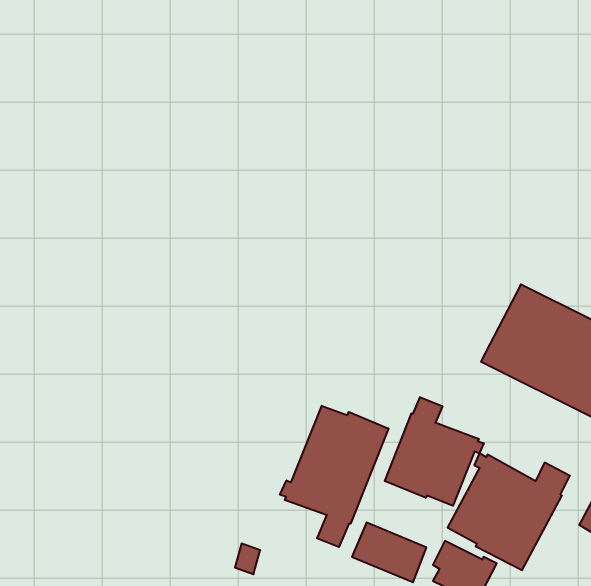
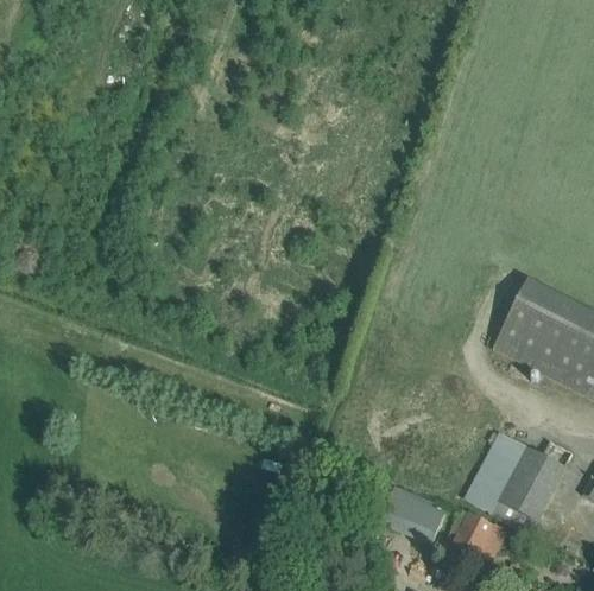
building: [385,397,484,506] -> none
building: [280,406,388,547] -> none

